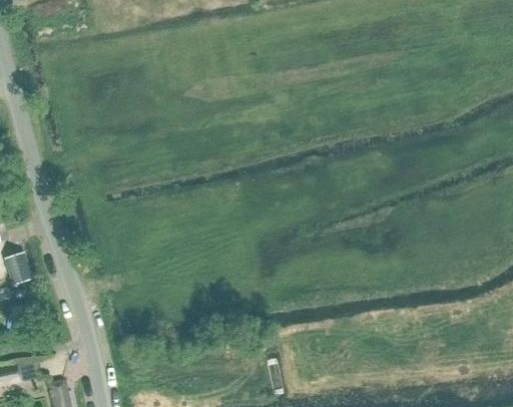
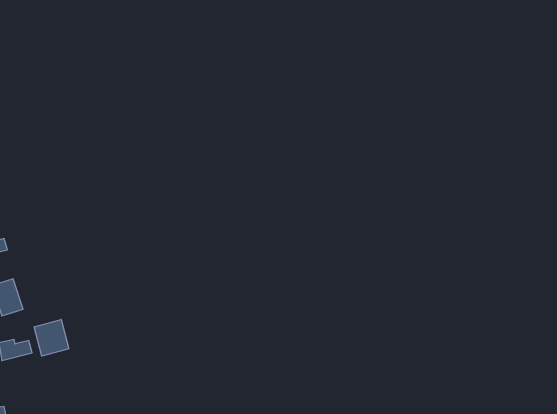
building: none -> [34,319,69,356]

